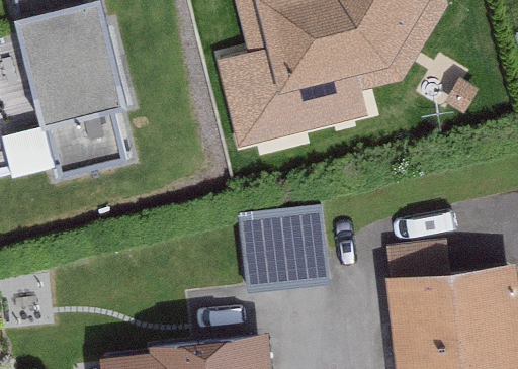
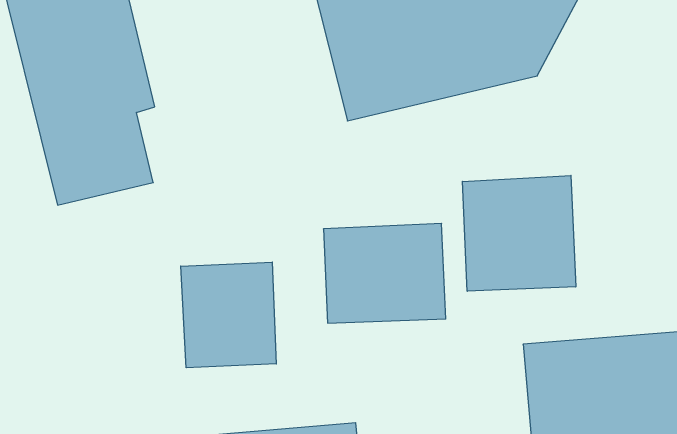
building: none -> [462,175,576,291]
building: none -> [181,262,276,368]

